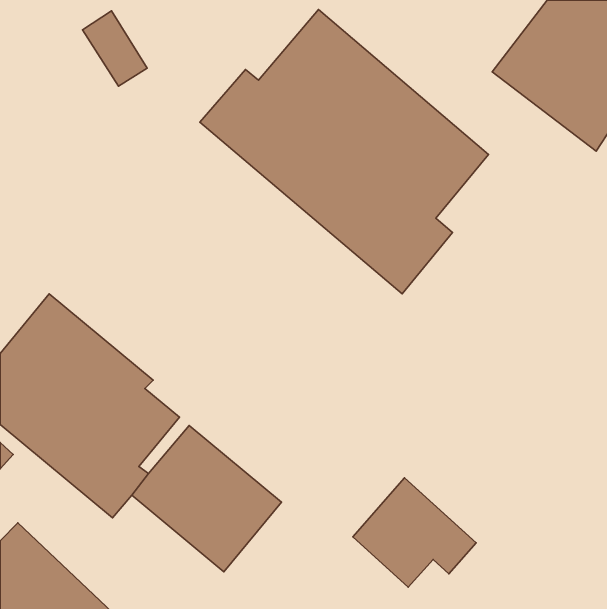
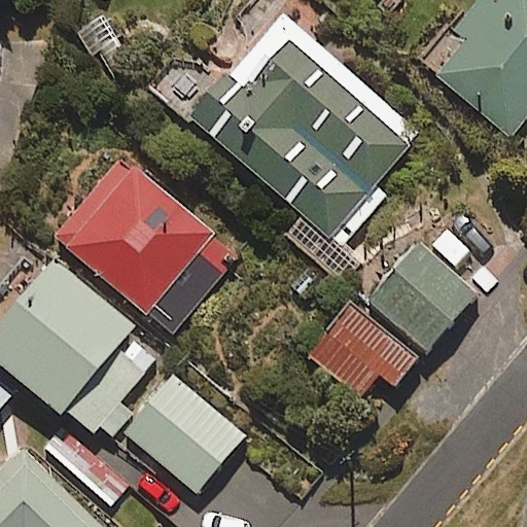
building: none -> [54,153,242,337]
building: none -> [366,242,476,351]
building: [353,478,476,587] -> [309,303,415,396]

